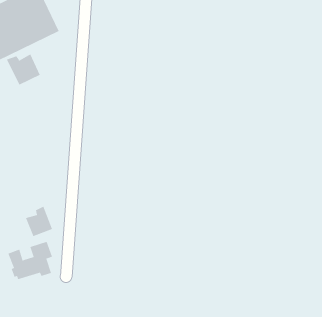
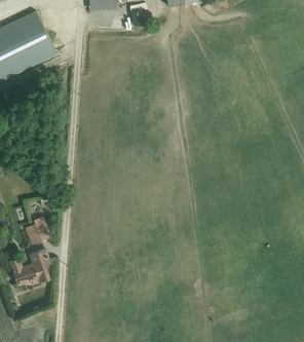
building: [6,53,40,85] -> none

